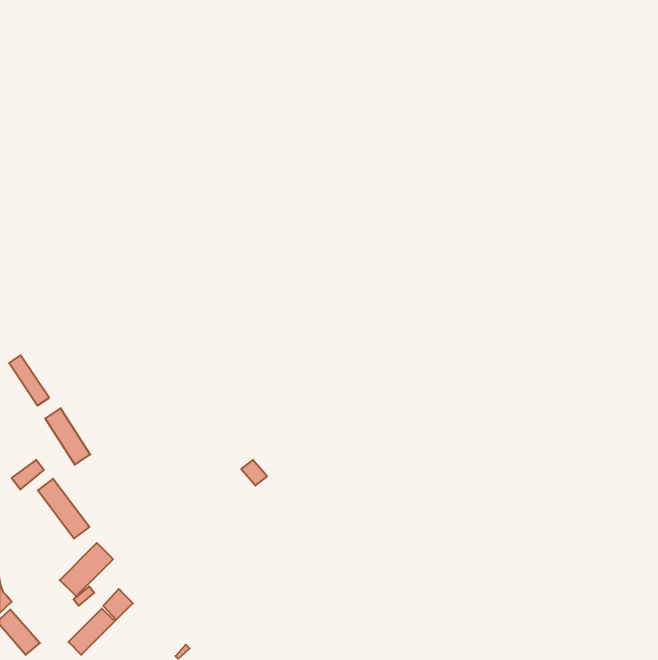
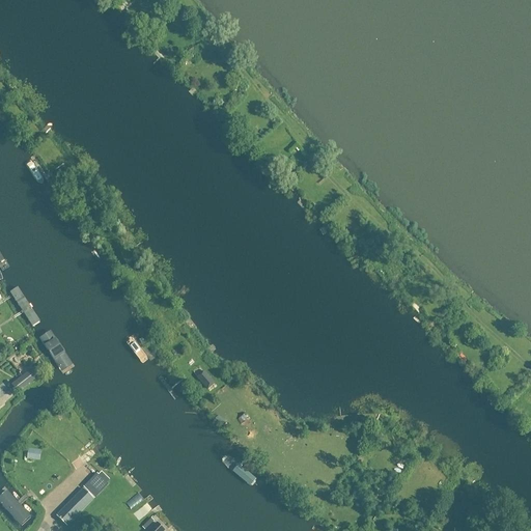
building: [38,479,89,539] -> none
building: [60,543,113,596] -> none

